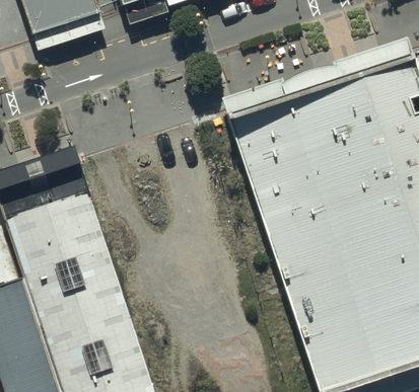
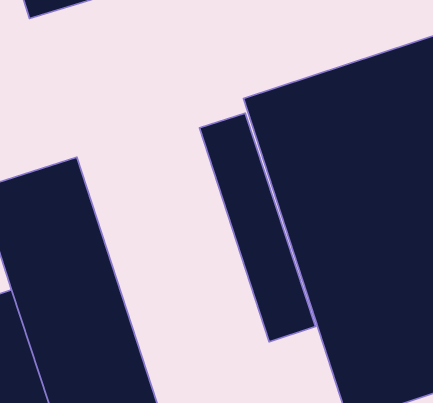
building: none -> [200,113,315,342]

